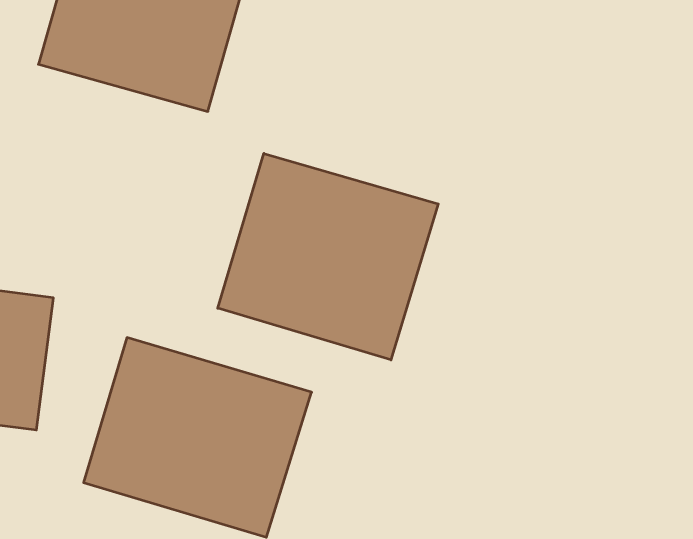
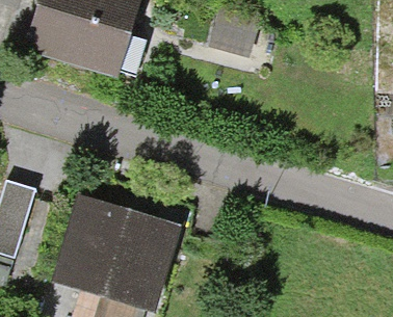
building: [218,153,438,360] -> none

